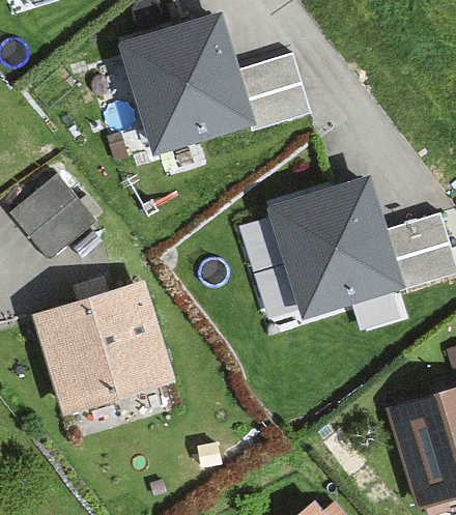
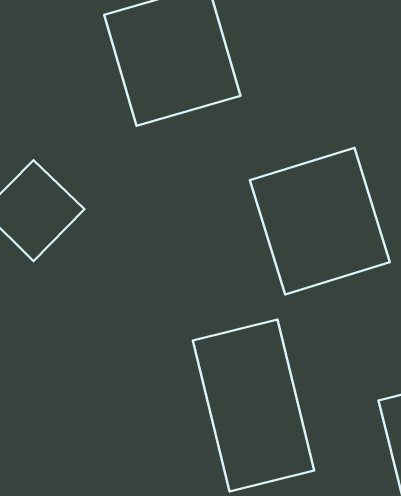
building: [38,294,180,425] -> none
building: none -> [193,319,314,491]

